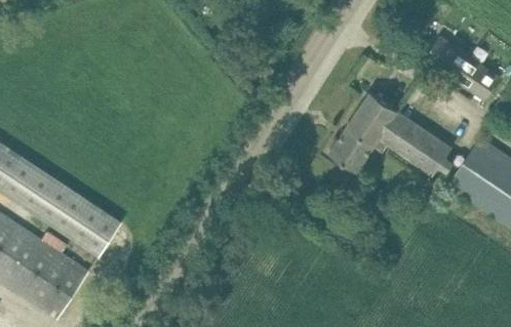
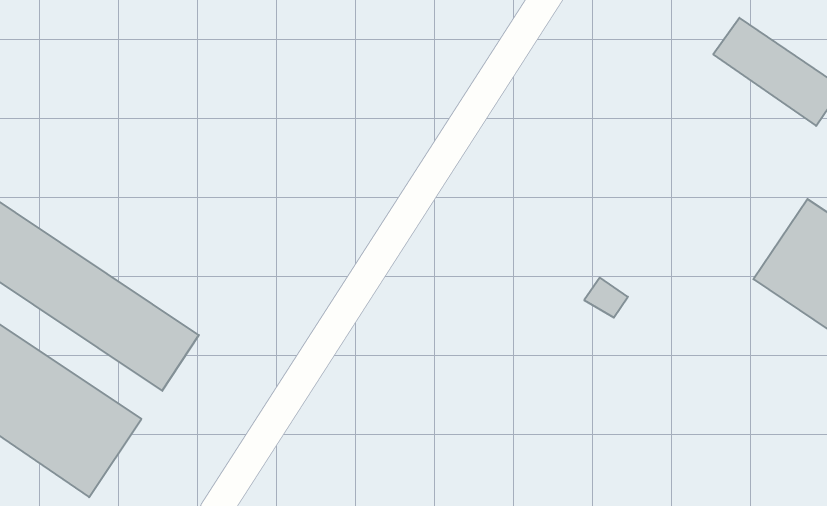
building: [329,90,453,178] -> none

